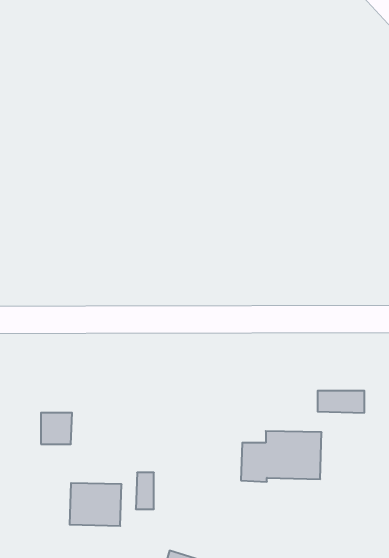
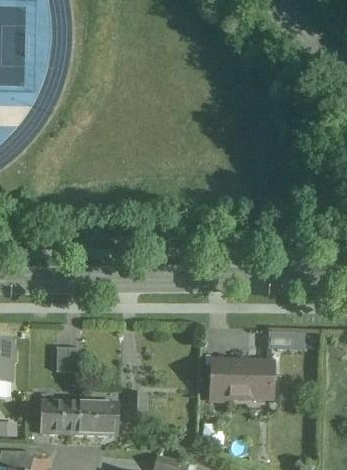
building: none -> [40,399,80,432]

